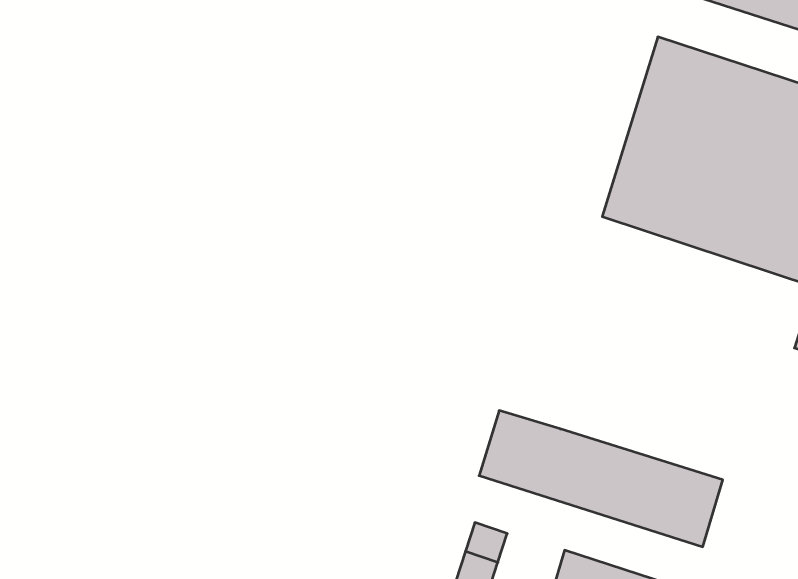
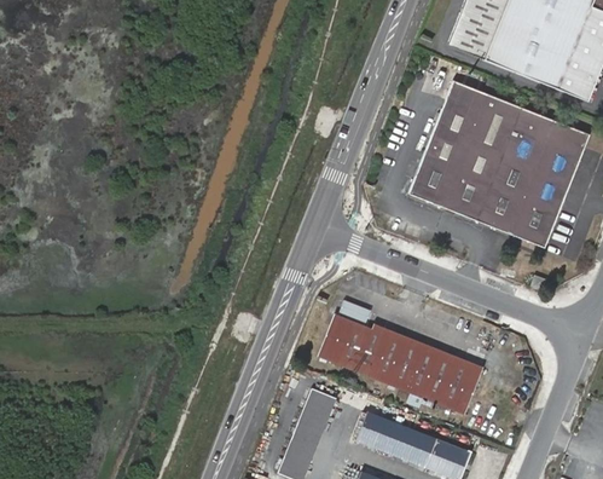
building: none -> [372,324,482,415]

